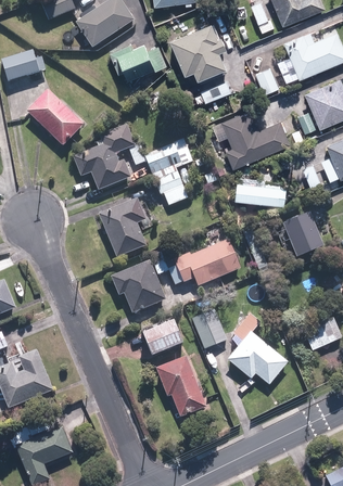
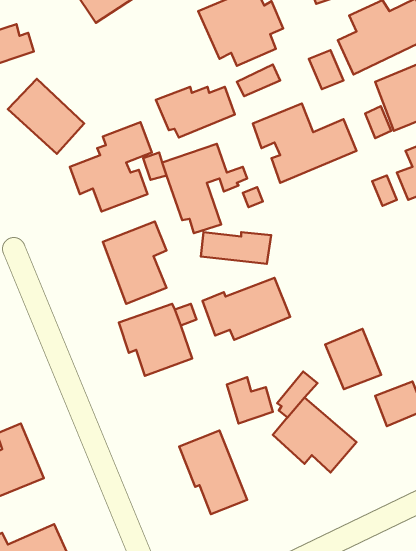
building: [107,43,167,81] -> [156,87,235,137]
building: [234,181,288,205] -> [201,232,271,264]
building: [280,212,322,257] -> [325,329,381,389]
building: [141,318,187,357] -> none

